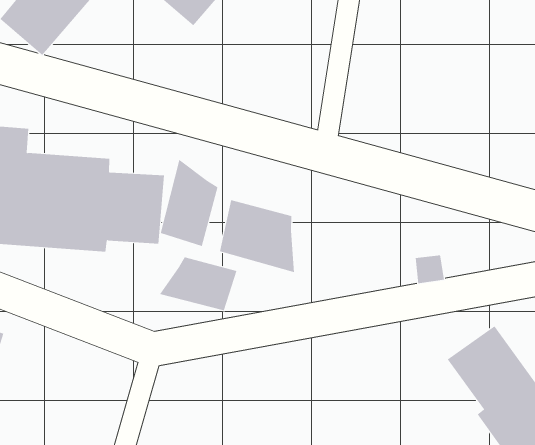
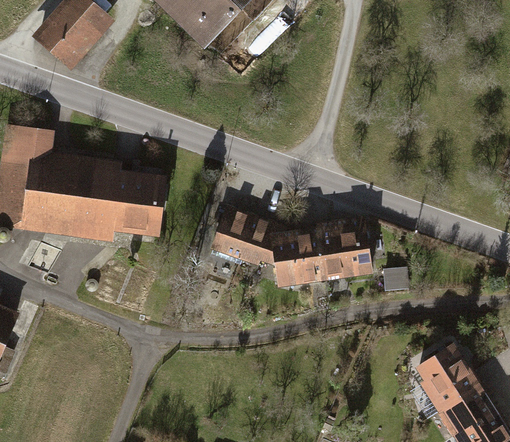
building: [160,159,218,247] -> none
building: none -> [276,215,375,291]
building: [159,257,237,311] -> none

